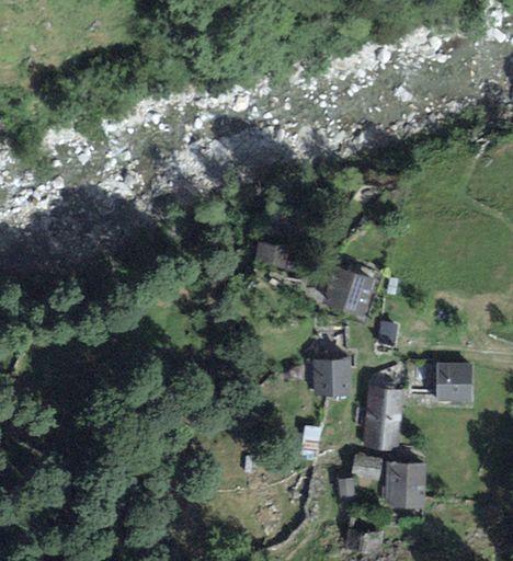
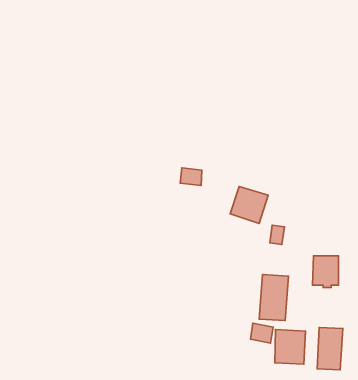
building: [314,357,353,397] -> none
building: none -> [317,328,343,370]

